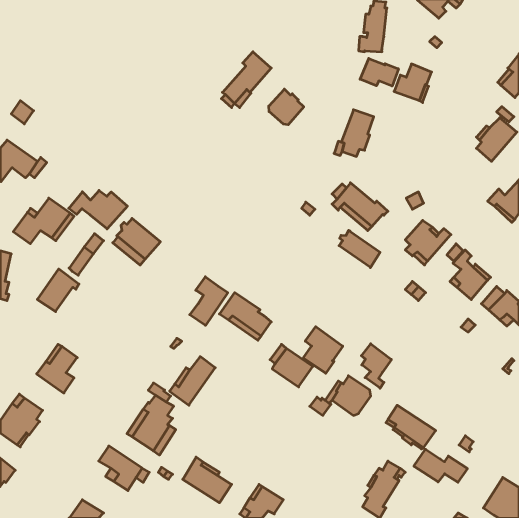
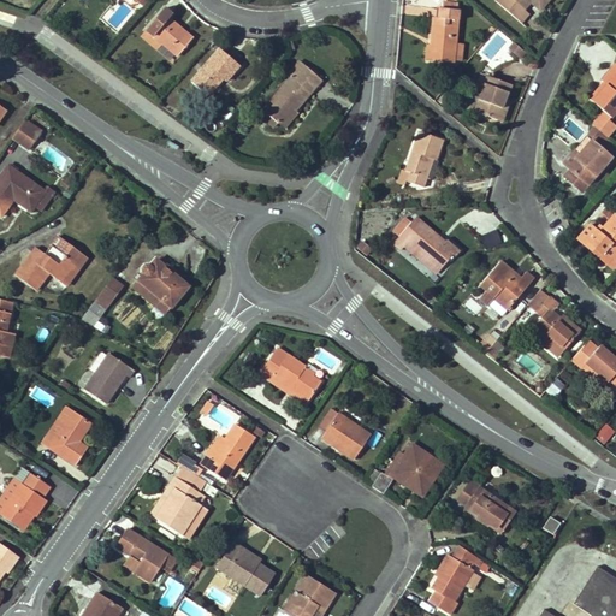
building: none -> [146,8,191,55]
building: none -> [190,48,241,95]
building: [360,58,398,86] -> none
building: [269,89,304,125] -> none
building: [69,190,127,229] -> none
building: [339,230,380,268] -> none
building: [37,269,79,312] -> [84,353,134,403]
building: [190,277,228,325] -> none
building: [303,327,343,373] -> none
building: [361,344,391,388] -> none
building: [414,449,467,482] -> none

